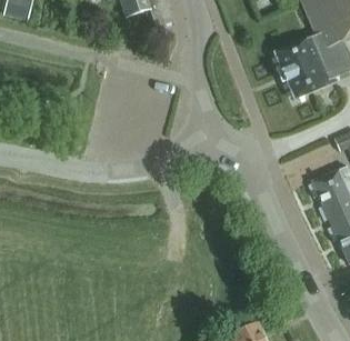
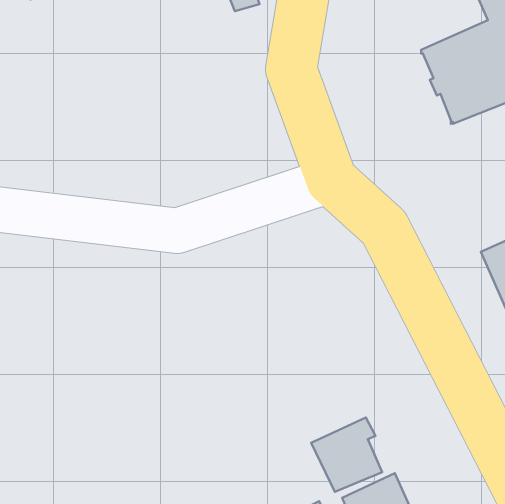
building: none -> [311,417,382,492]

